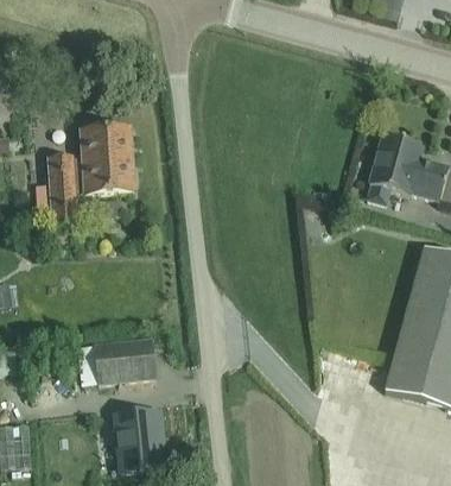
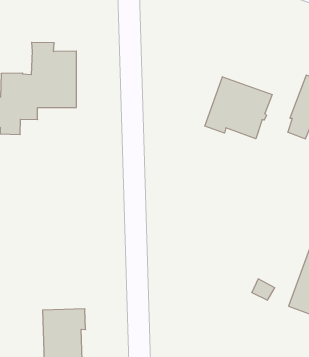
building: none -> [205,77,272,139]
building: [95,336,157,380] -> none

